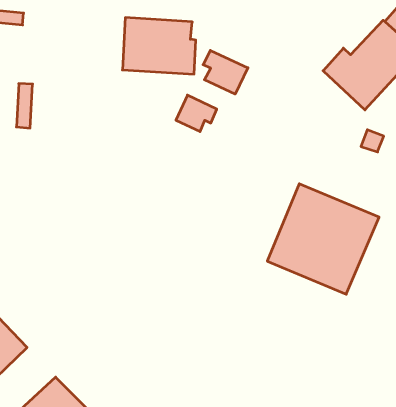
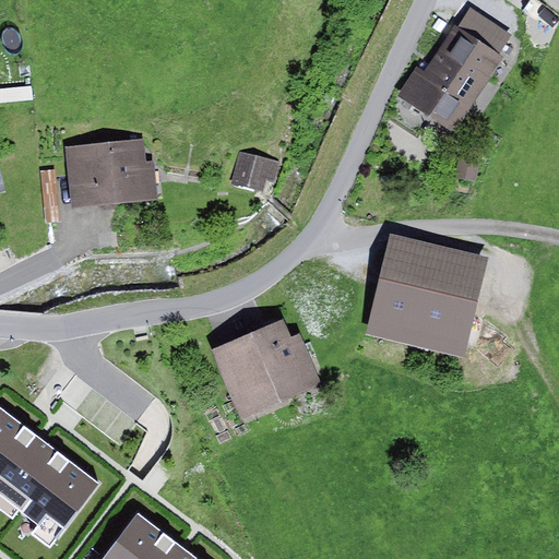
building: [122,18,196,74] -> [64,141,156,211]
building: [203,50,248,94] -> none
building: none -> [211,318,321,414]

